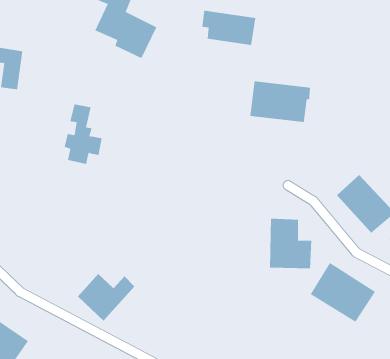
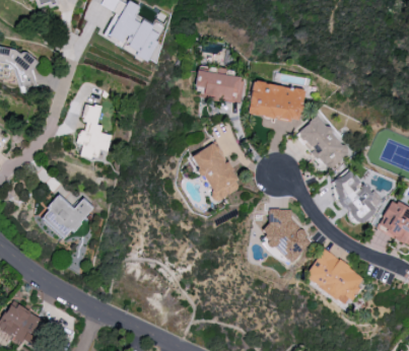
building: [201,10,256,45] -> [195,71,246,103]
building: none -> [297,116,349,170]
building: none -> [191,143,243,202]
building: [77,273,135,322] -> [41,196,94,240]

